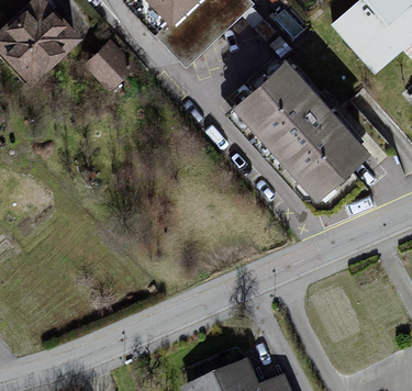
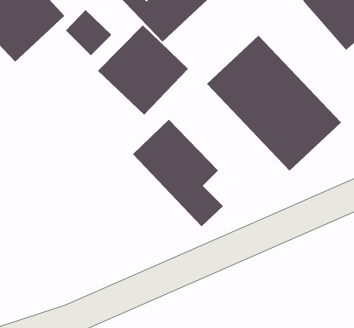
building: none -> [97,24,189,115]
building: none -> [132,119,224,227]

